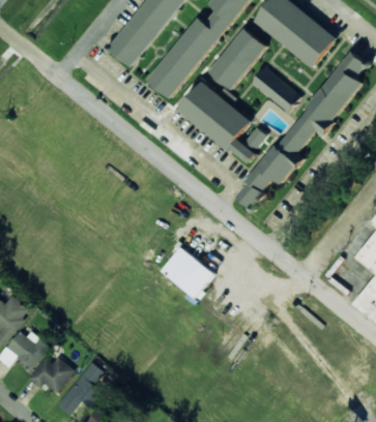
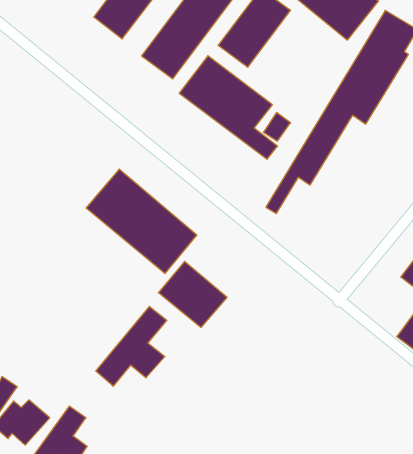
building: [249,67,299,112] -> none
building: none -> [86,169,197,274]
building: none -> [96,306,167,386]

